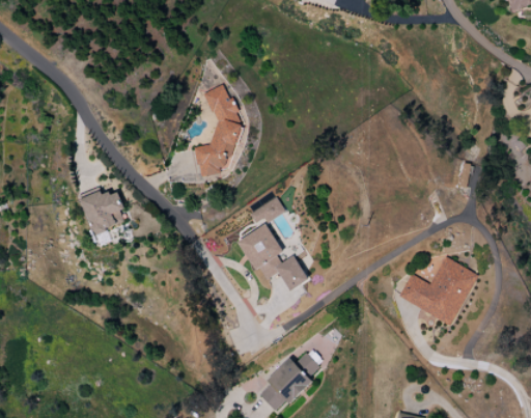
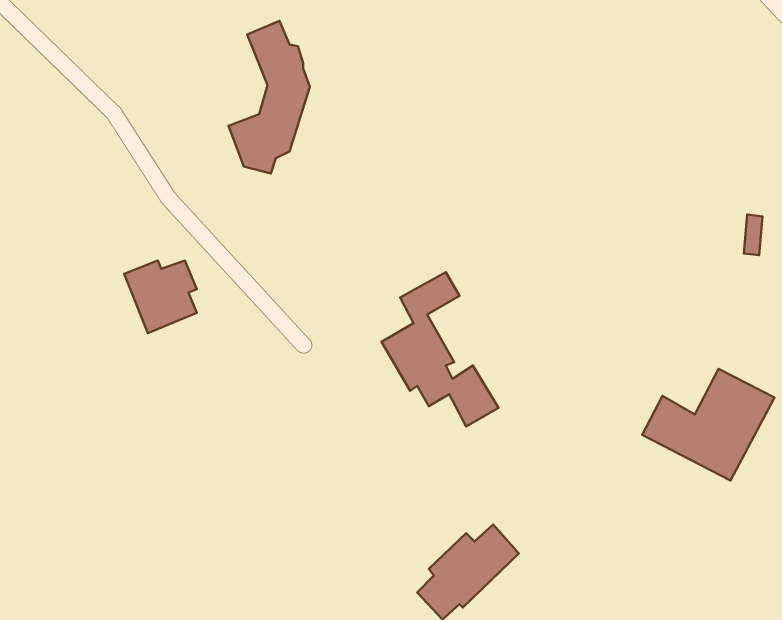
building: [192,84,242,177] -> [229,21,310,173]

